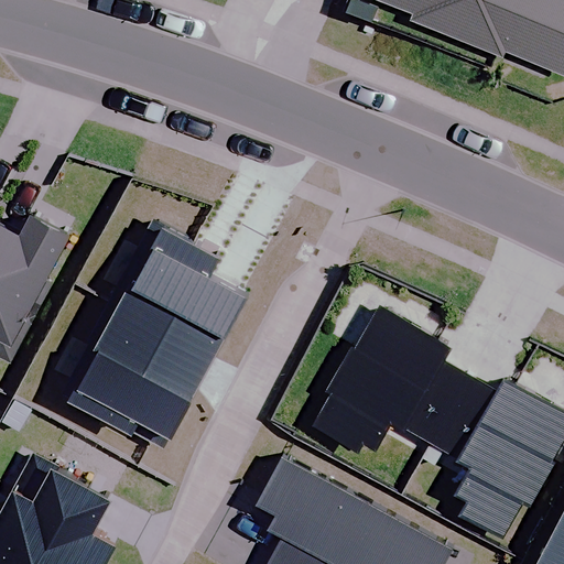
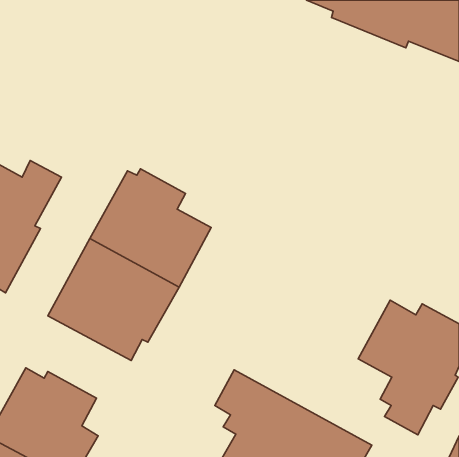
building: [313,305,468,449] -> none

